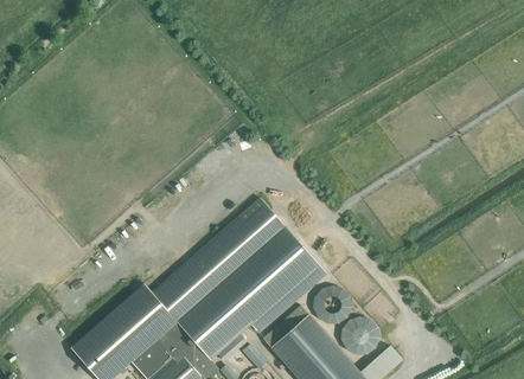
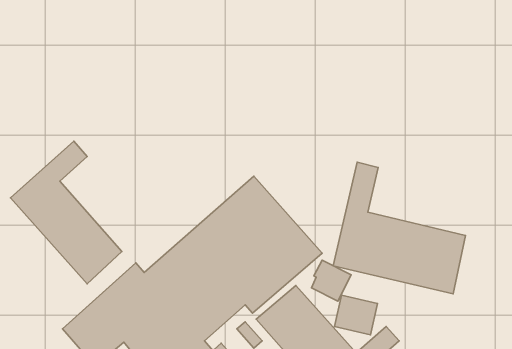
building: none -> [11,141,122,284]
building: none -> [333,162,466,294]

